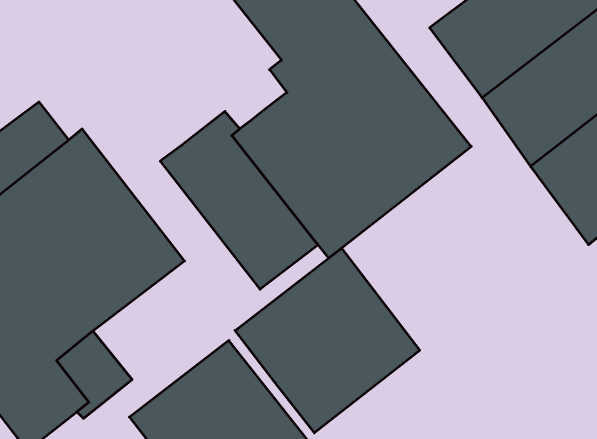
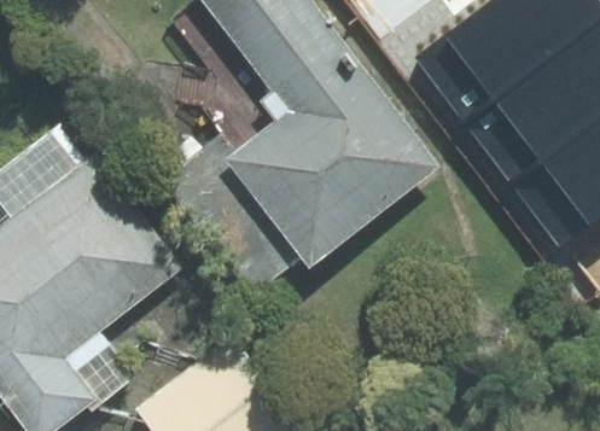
building: [235,248,420,433] -> none

